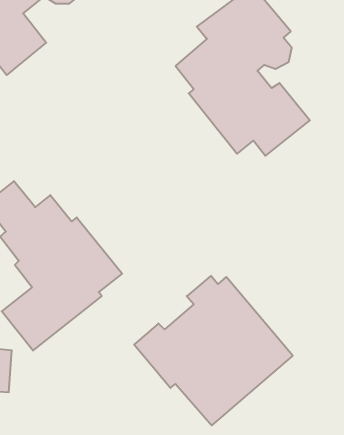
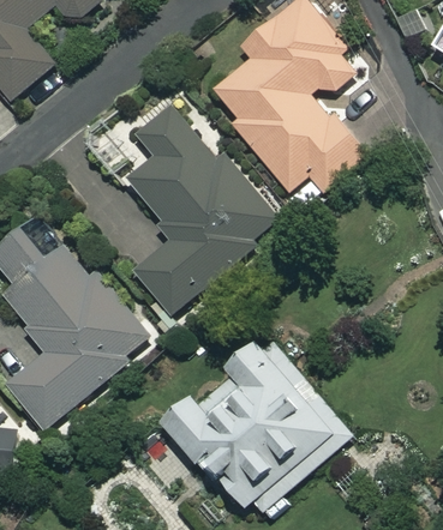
building: none -> [127,103,281,314]

